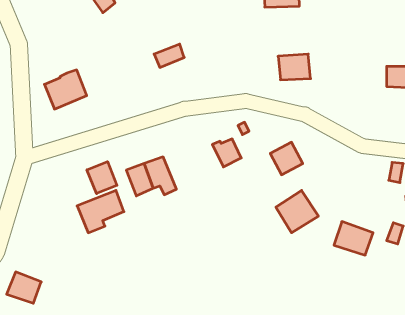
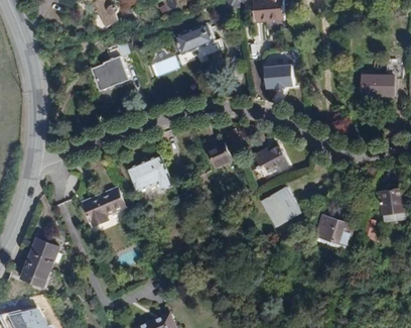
building: none -> [174,23,213,54]
building: [44,70,87,109] -> [90,57,128,92]
building: [87,162,117,194] -> none
building: none -> [28,239,59,270]

